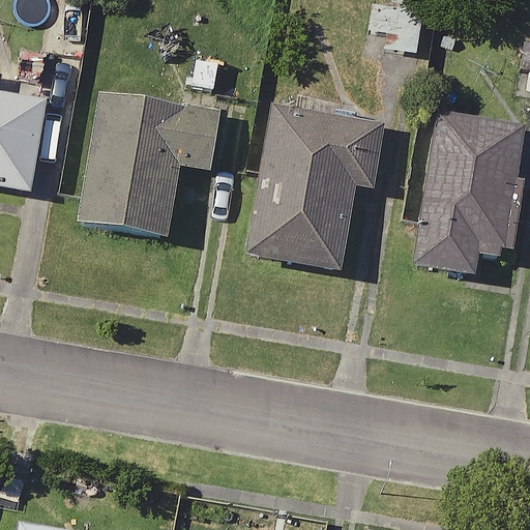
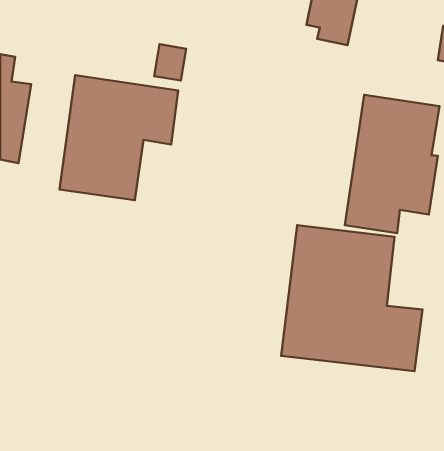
building: [253,108,382,265] -> none
building: none -> [281,225,423,371]

